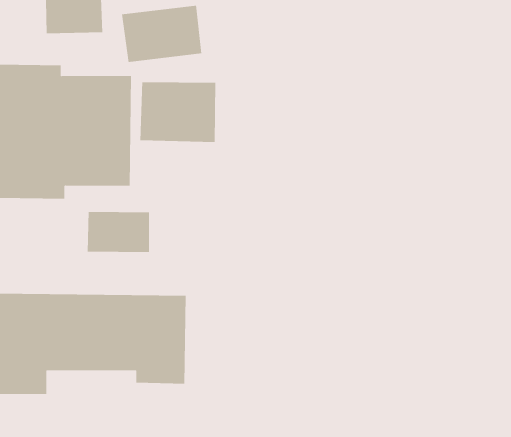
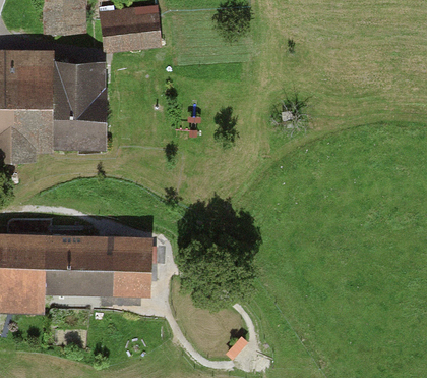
building: [140,81,216,143] -> none
building: [87,211,150,253] -> none

